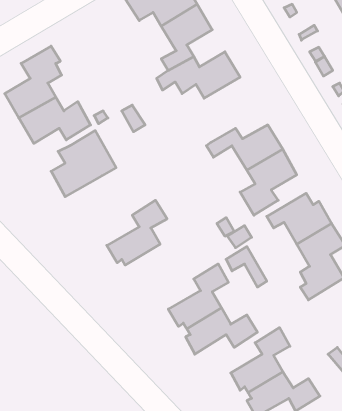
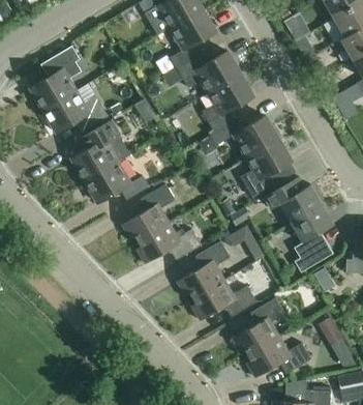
building: none -> [202,74,253,132]
building: none -> [84,162,148,203]
building: none -> [135,223,201,264]

